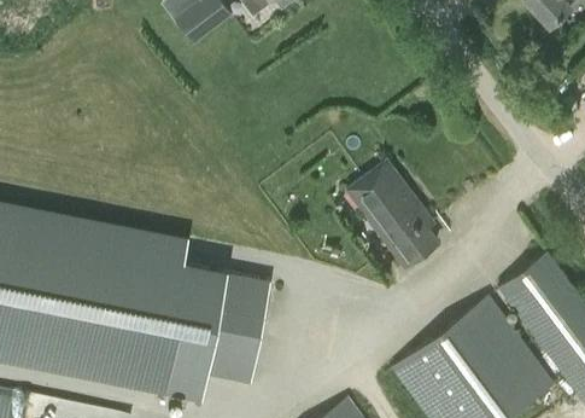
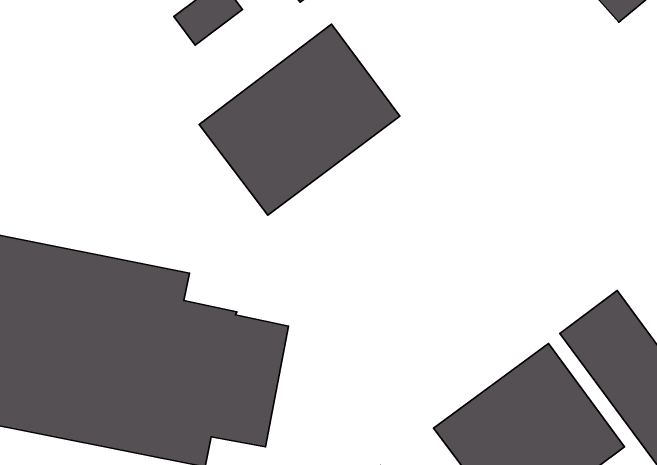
building: none -> [199,24,400,215]
building: [347,162,438,269] -> none

